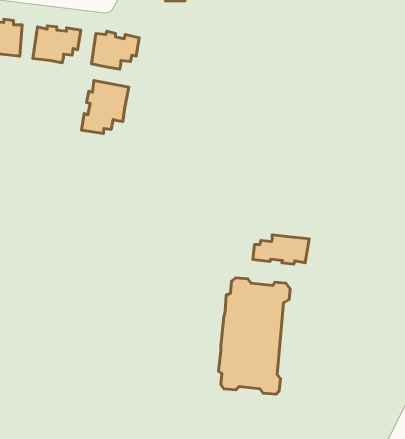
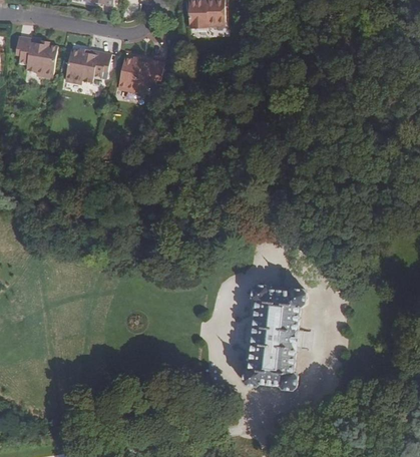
building: [81,81,129,134] -> none
building: [253,235,309,264] -> none

